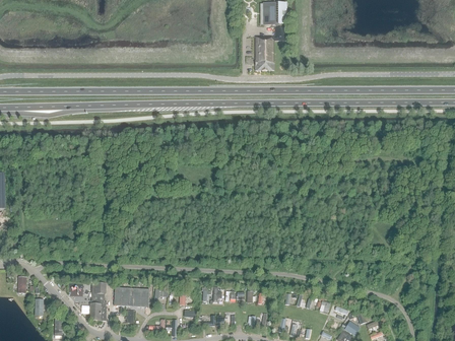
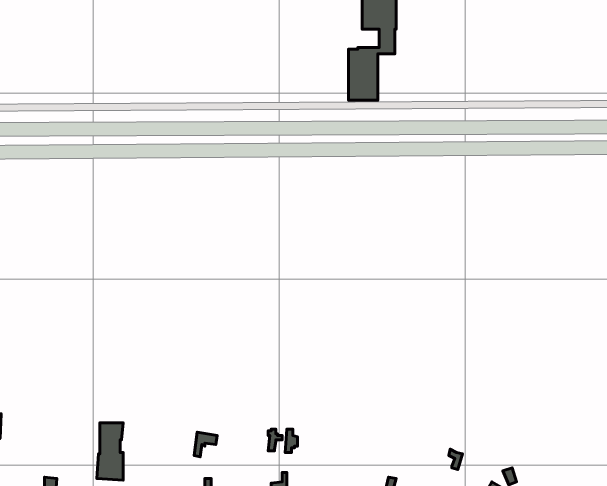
building: [113,286,148,306] -> none

